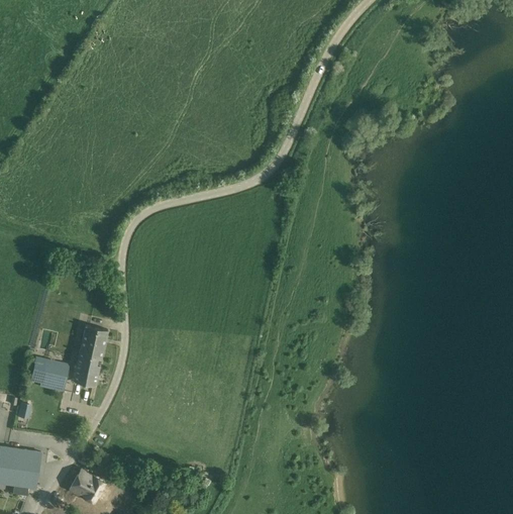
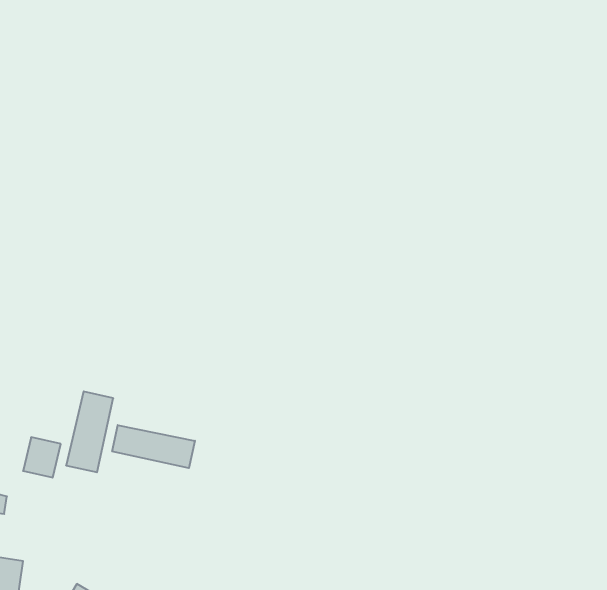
building: none -> [112,425,195,468]

